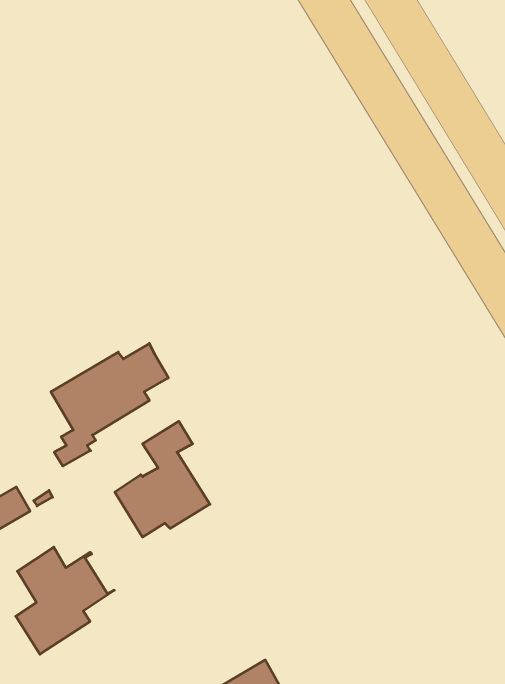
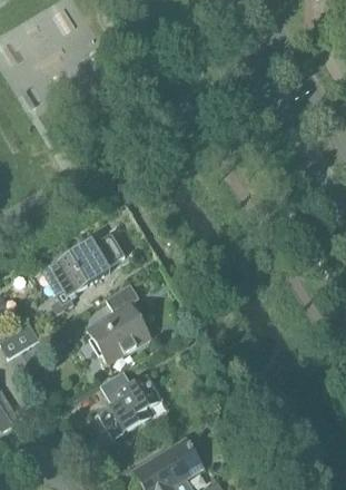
building: [16,547,114,654] -> [100,369,164,438]

